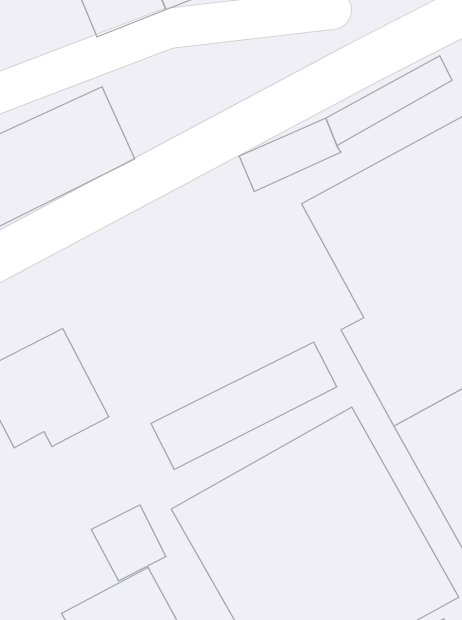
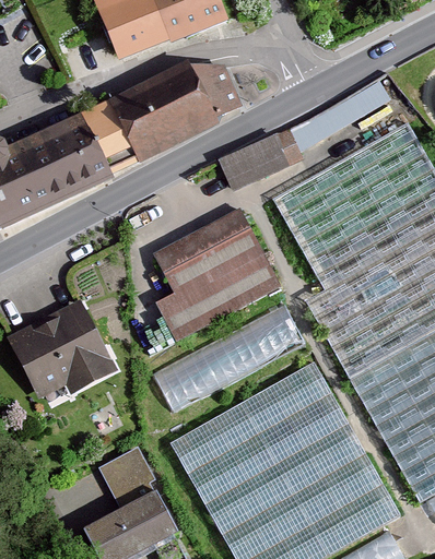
building: none -> [114,66,244,162]
building: none -> [150,206,278,337]

